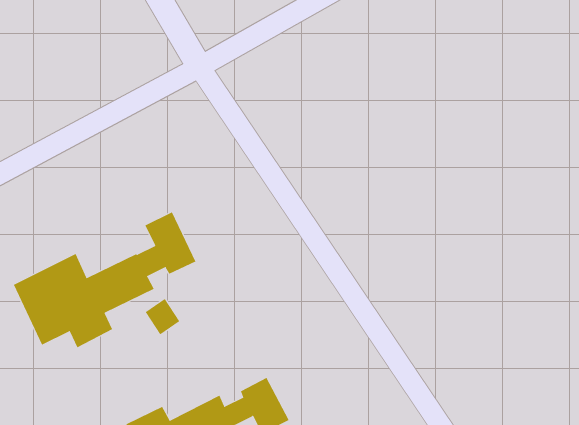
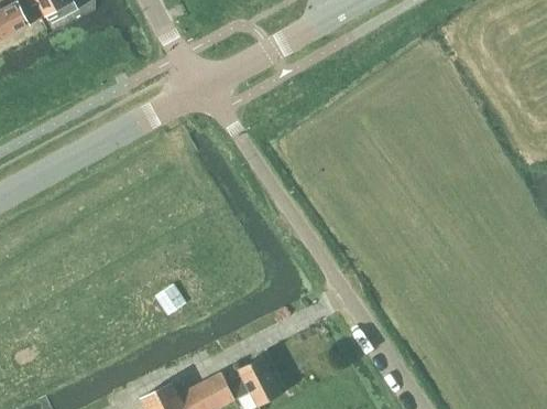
building: [13,211,196,348] -> none

